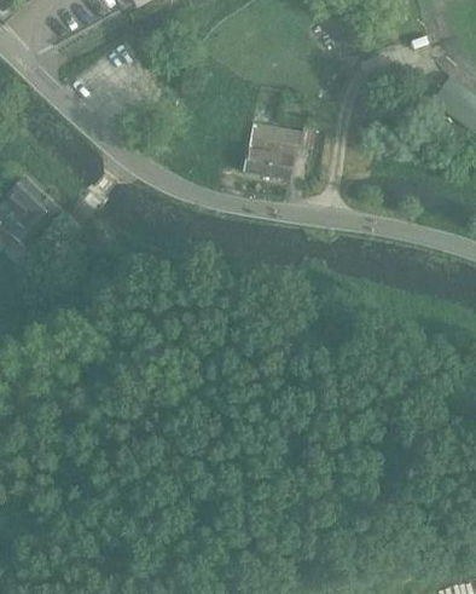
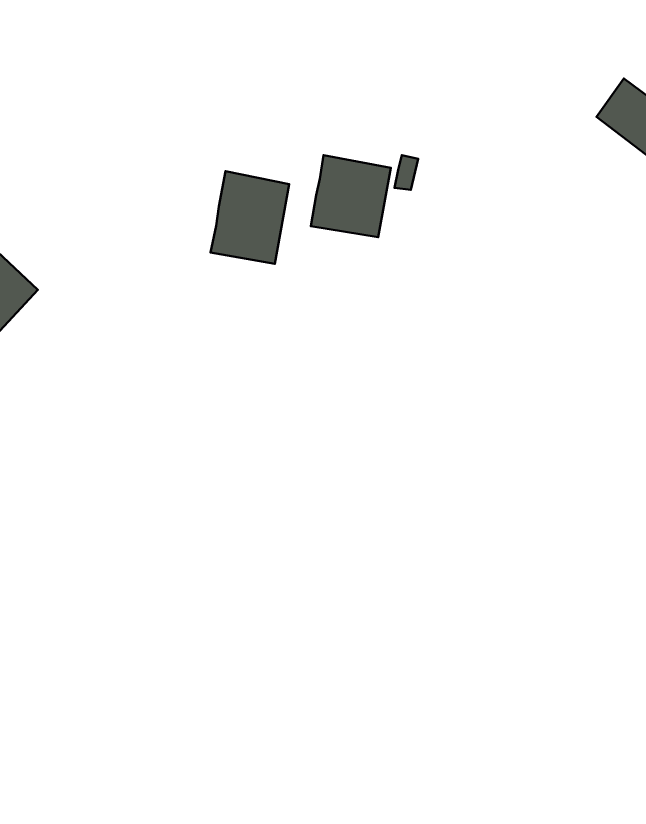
building: none -> [210,171,289,264]

